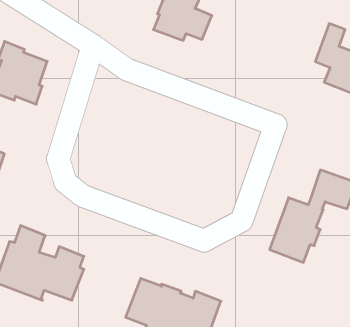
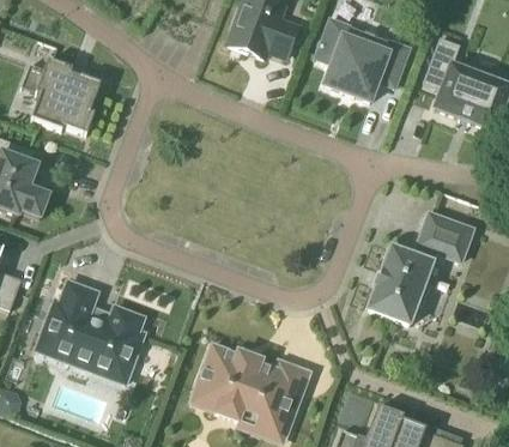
building: none -> [315,18,408,102]

